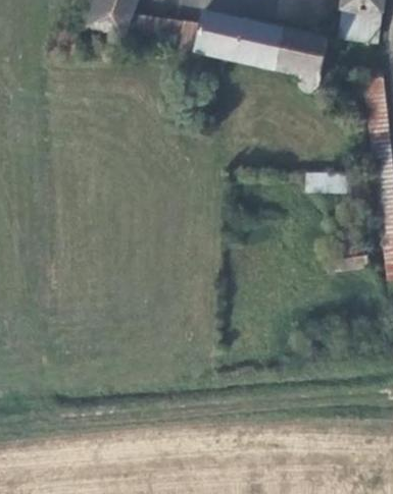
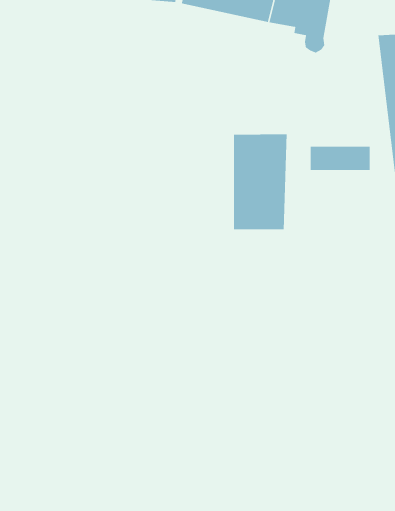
building: none -> [233,134,287,230]

